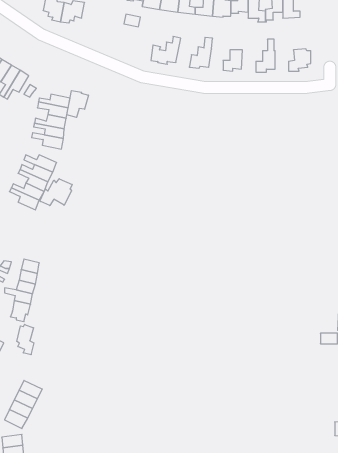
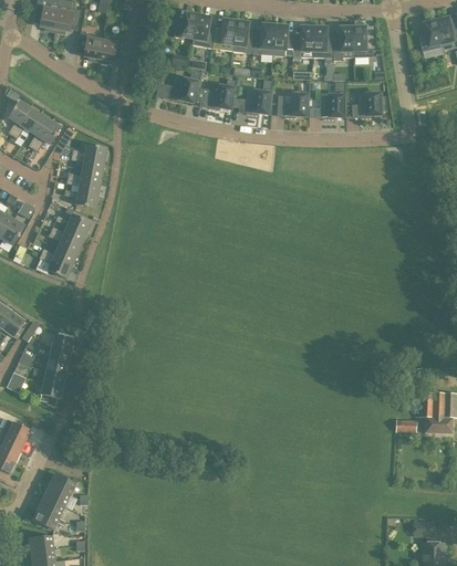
building: none -> [163,69,199,102]
building: [67,91,88,117] -> none
building: [40,179,72,206] -> none
building: [17,324,34,355] -> none

